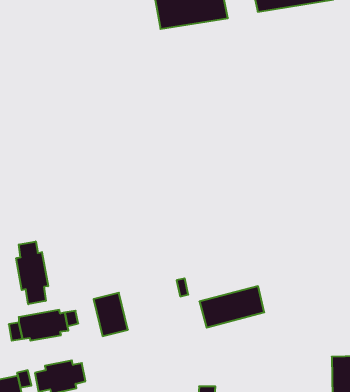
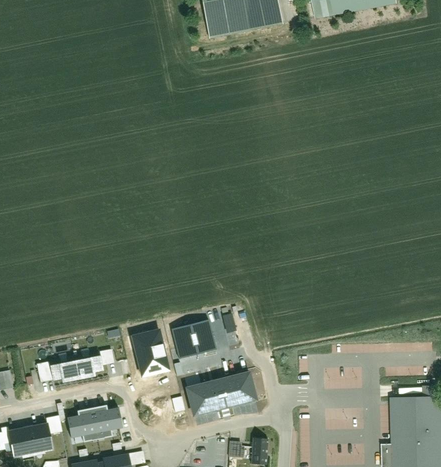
building: [16,241,48,304] -> none
building: none -> [172,321,217,360]
building: [199,286,264,328] -> [186,372,258,418]

